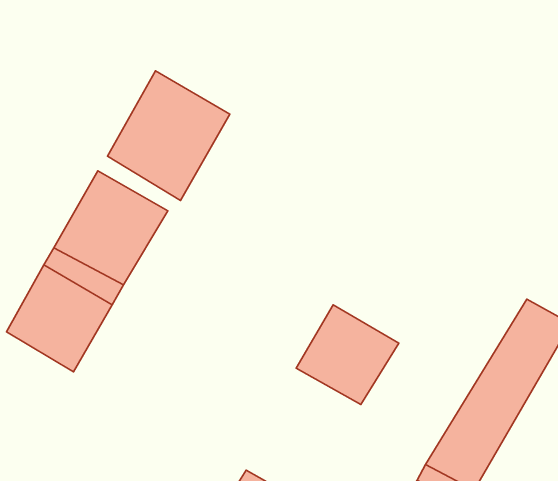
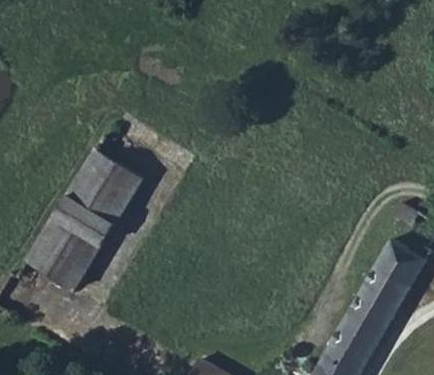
building: [107,71,230,201] -> none
building: [296,305,399,404] -> none

